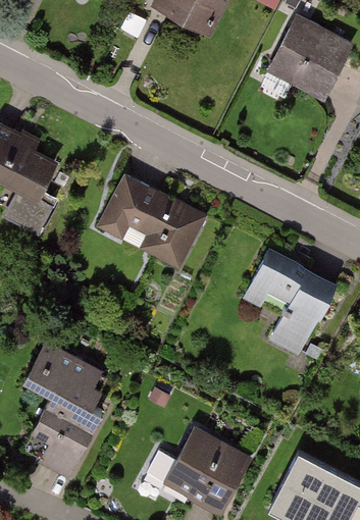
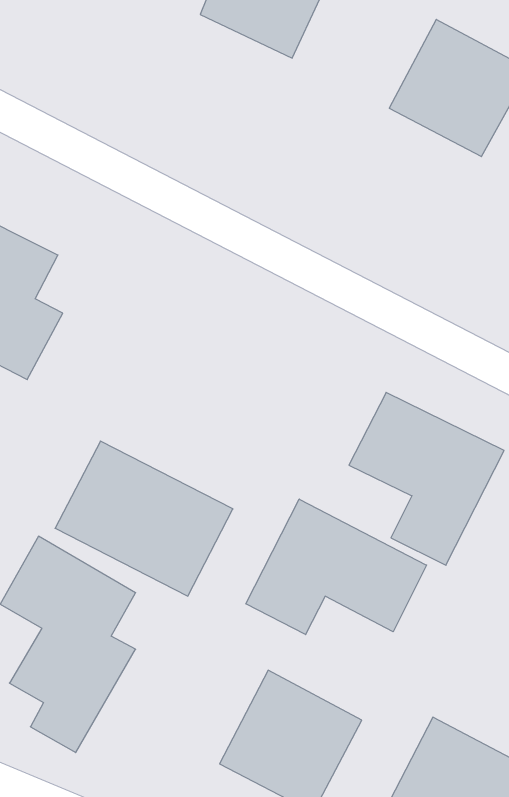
building: [97,171,209,269] -> [55,441,233,596]
building: none -> [246,499,427,635]

